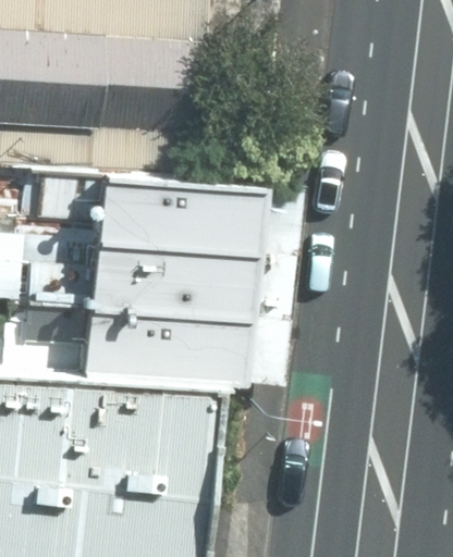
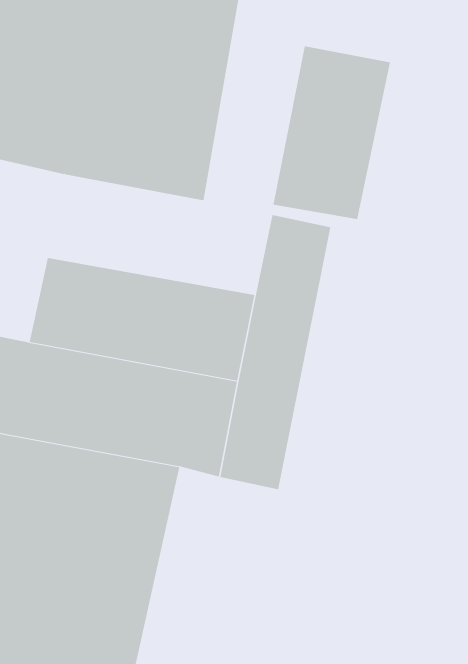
building: none -> [273,46,390,220]
building: [85,170,250,244] -> none

